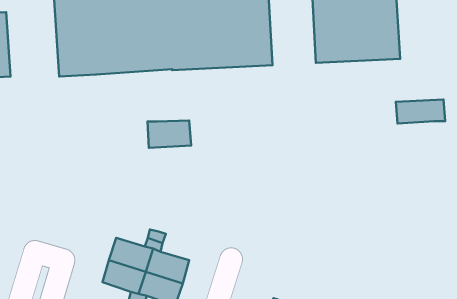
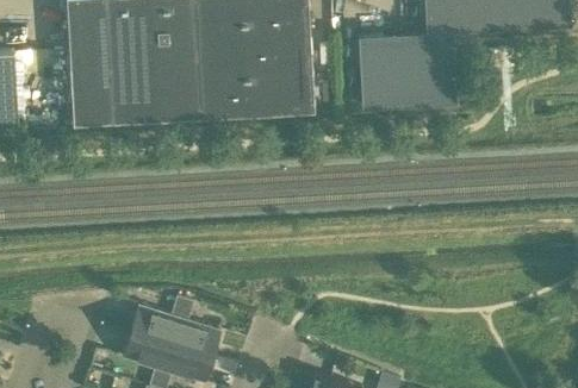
building: [396,100,445,124] -> none
building: [147,120,191,148] -> none

